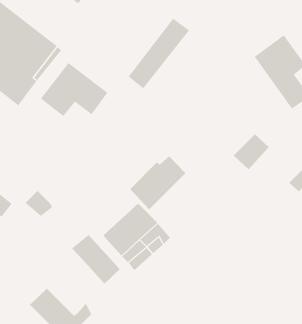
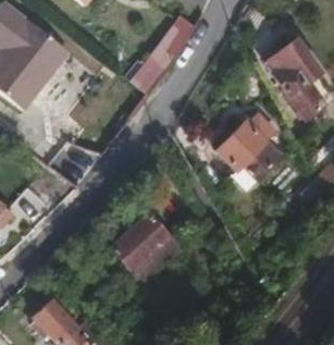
building: [40,62,108,117] -> none
building: [129,155,186,210] -> [218,113,276,170]
building: [71,234,120,284] -> none

